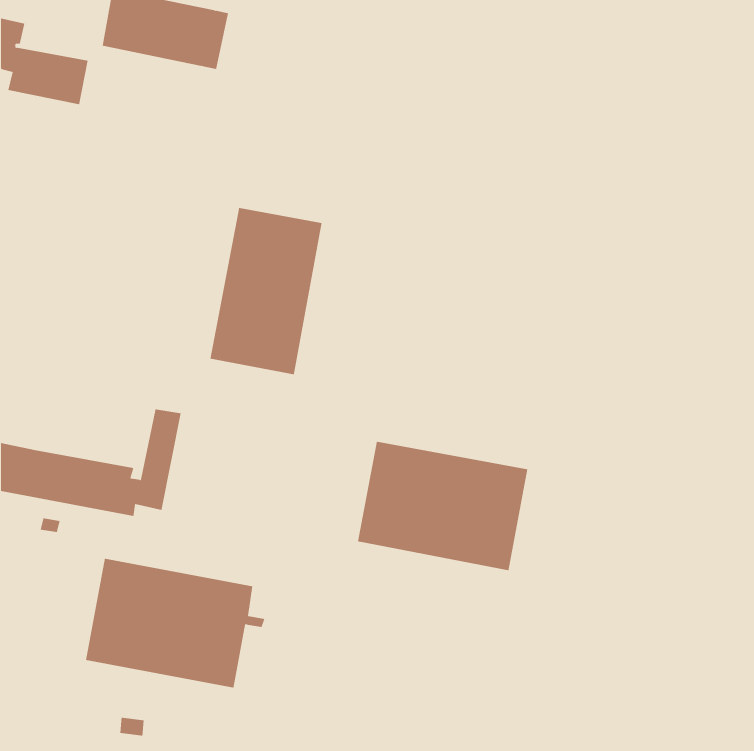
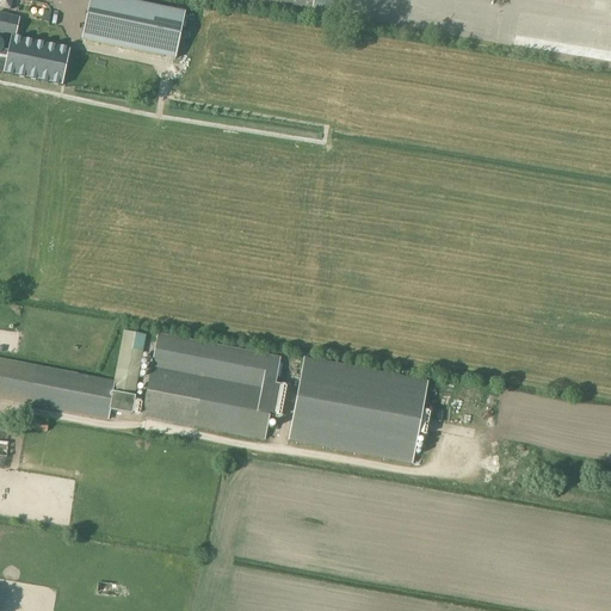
building: [210,207,322,375] -> none
building: [85,558,265,688] -> [143,333,289,438]

